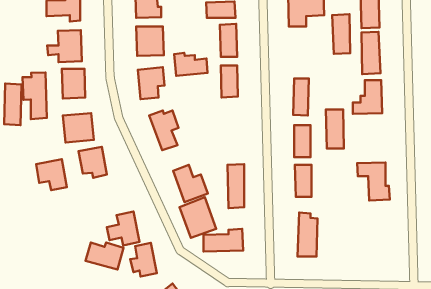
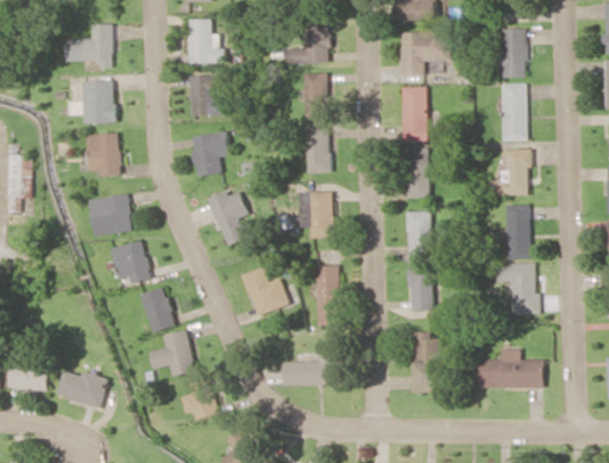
building: [332,14,350,54] -> [401,87,426,142]
building: [174,53,208,76] -> none
building: [23,73,47,119] -> none
building: [326,110,344,148] -> [503,206,528,259]
building: none -> [299,192,333,239]
building: [36,159,67,190] -> none
building: none -> [139,288,175,333]
building: [180,197,216,238] -> none
building: none -> [477,349,542,388]
building: none -> [8,364,49,390]
building: [86,243,124,269] -> [55,371,107,408]

